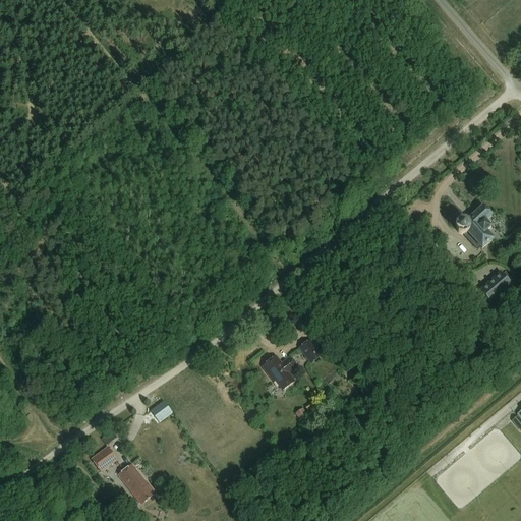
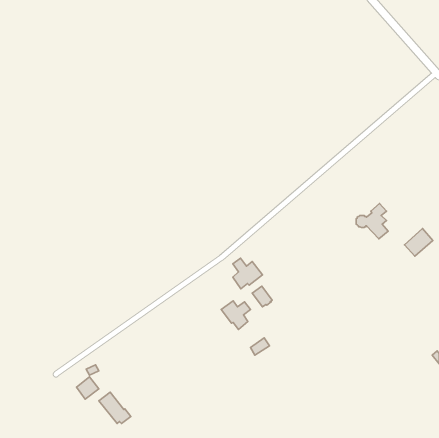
building: [455,205,493,246] -> [356,203,388,239]
building: none -> [233,258,263,289]

